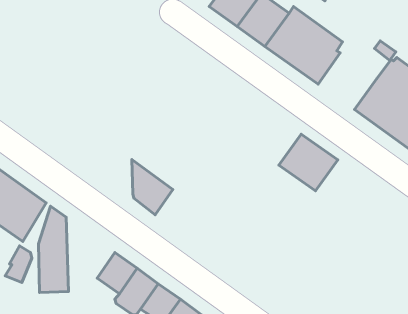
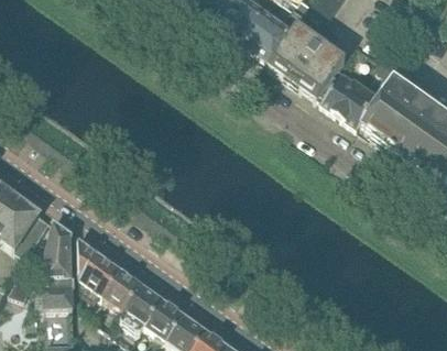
building: [279,134,338,191] -> [320,70,379,127]
building: [132,159,173,215] -> [78,239,119,294]

